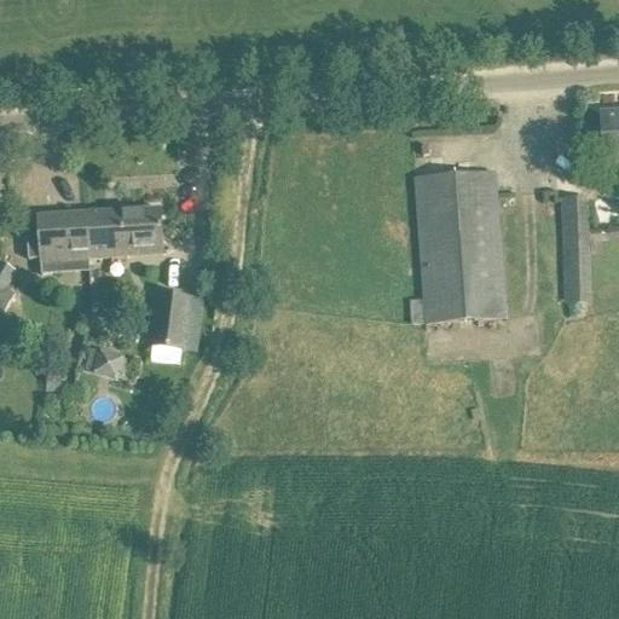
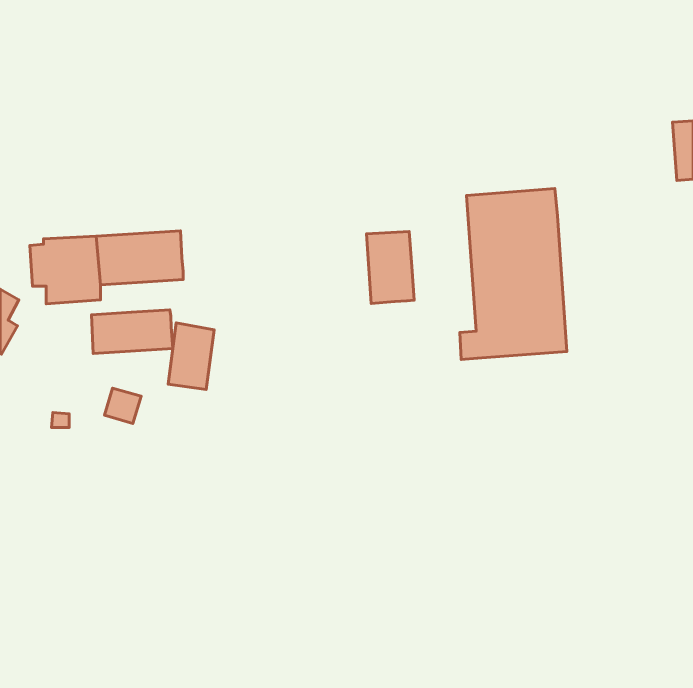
building: [560,192,591,300] -> none
building: none -> [366,232,414,303]
building: none -> [92,310,173,354]

